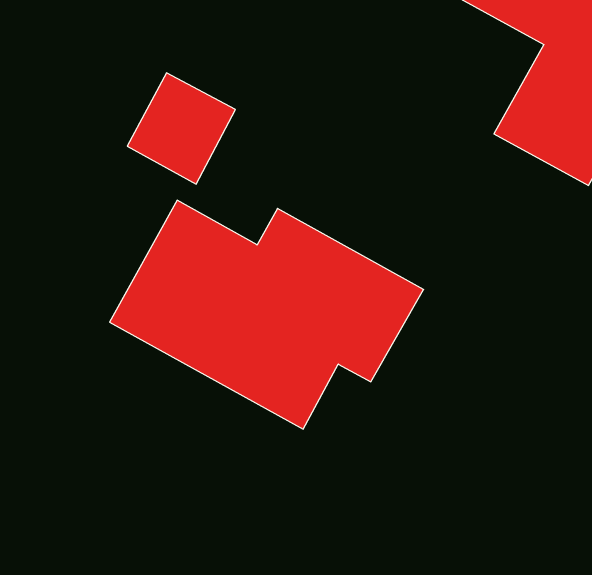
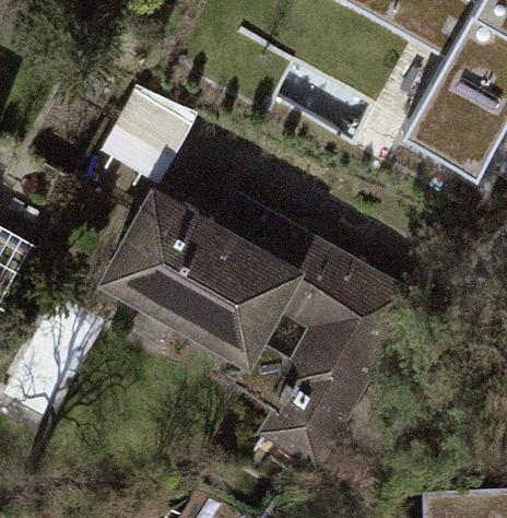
building: none -> [250,256,418,473]

